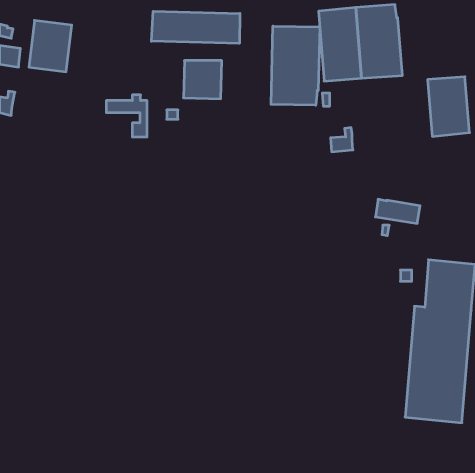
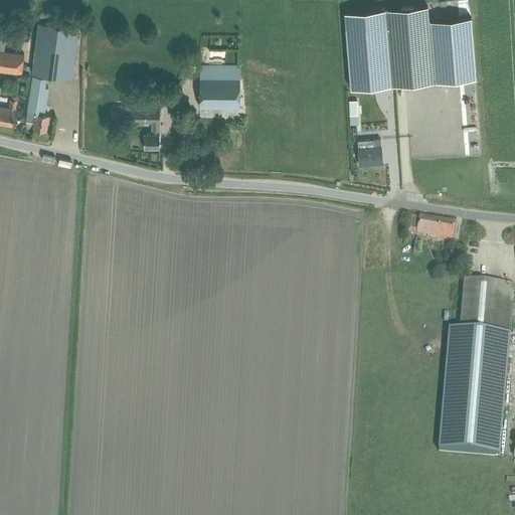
building: [151,11,240,43] -> none
building: [271,26,320,105] -> none
building: none -> [24,77,49,133]
building: [428,77,470,136] -> [430,20,475,84]

